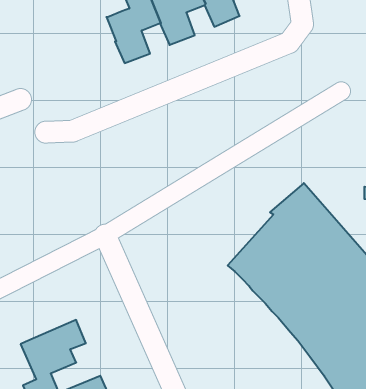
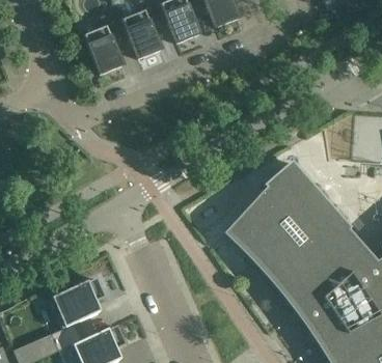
building: none -> [83,9,131,75]

